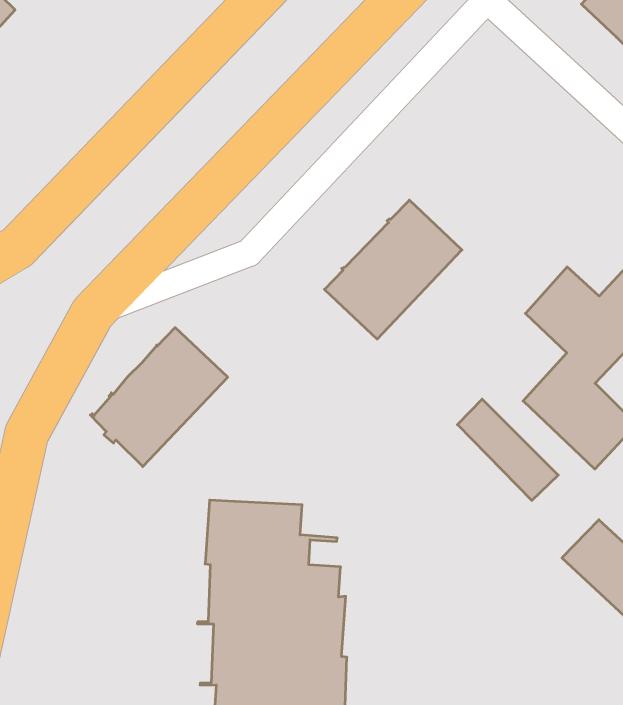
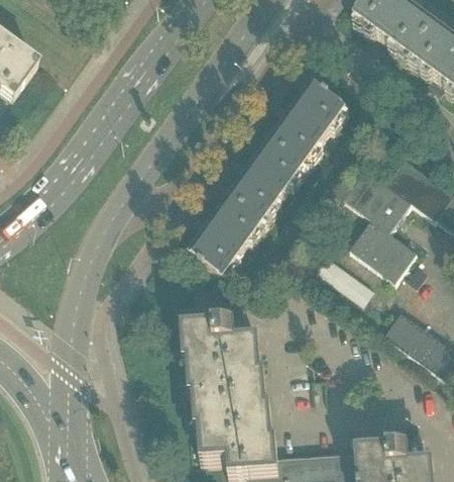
building: none -> [270,82,344,164]
building: [90,328,228,467] -> [188,196,262,277]

